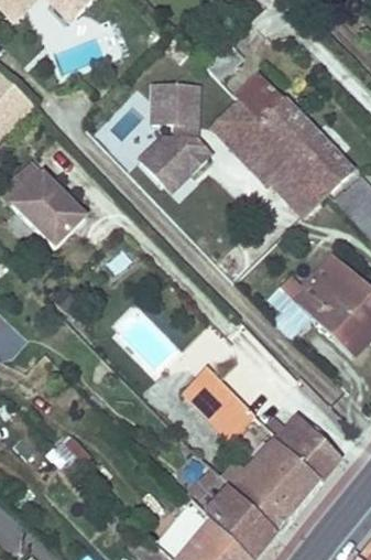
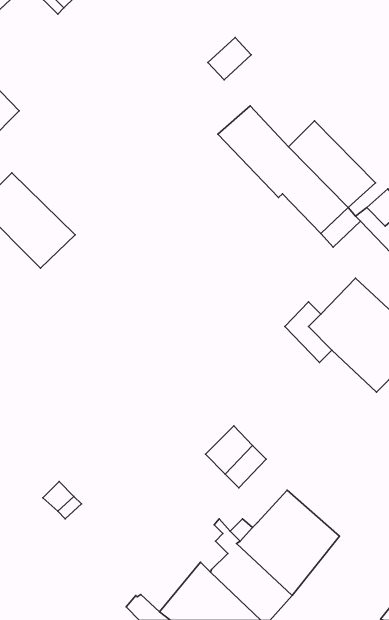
building: [234,74,297,138] -> none
building: [140,79,214,189] -> none
building: [182,366,226,411] -> none
building: [265,417,339,484] -> none

